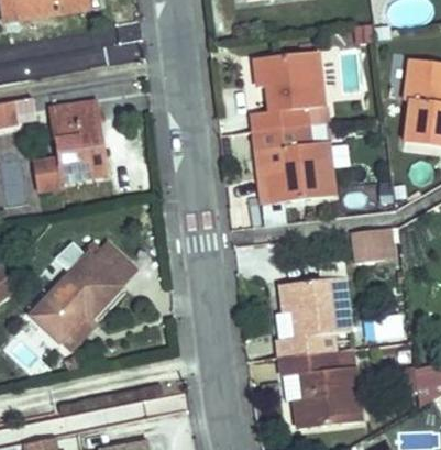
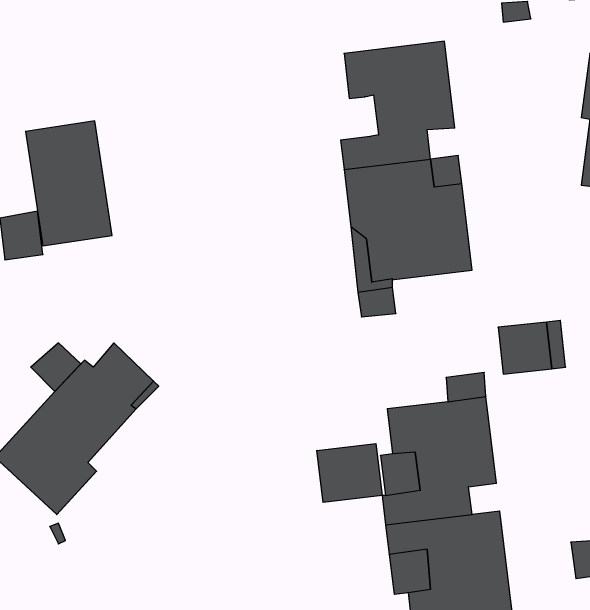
building: none -> [317,444,382,502]

